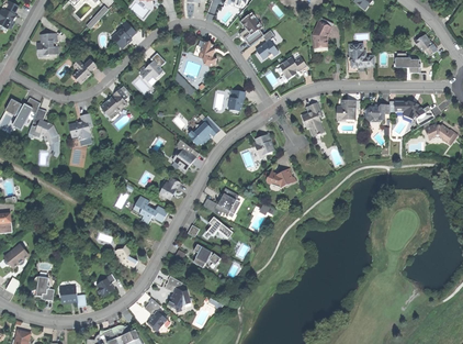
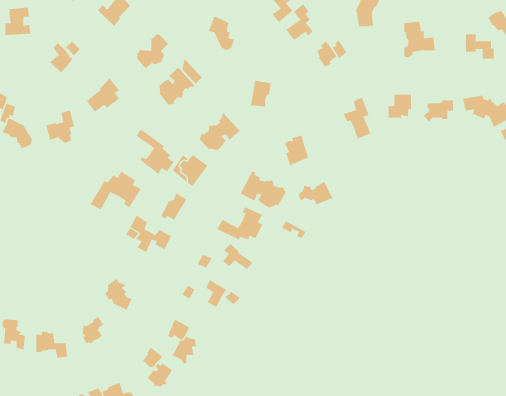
building: none -> [158,67,196,106]
building: none -> [136,128,174,175]
building: none -> [240,170,287,209]
building: none -> [90,171,141,210]

